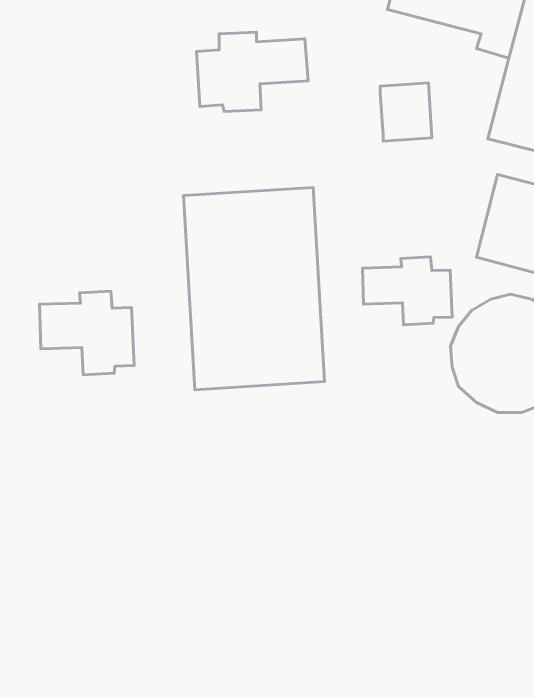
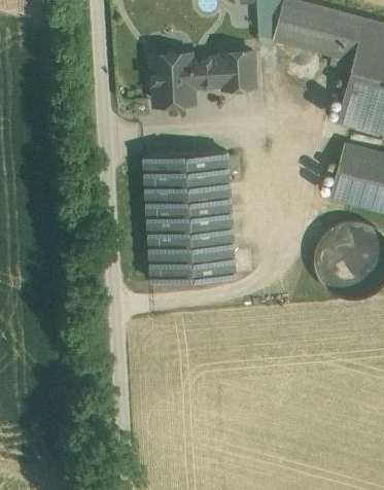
building: [380,83,432,141] -> [221,51,254,89]
building: [363,257,452,325] -> none
building: [40,291,134,375] -> none

